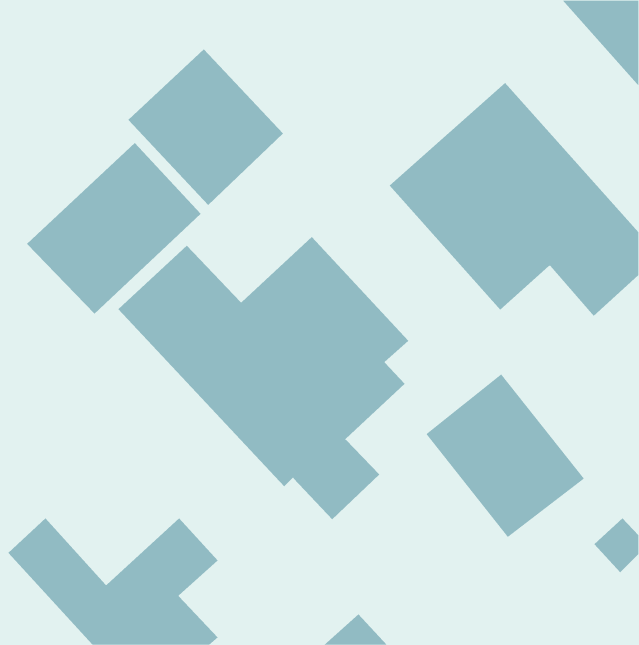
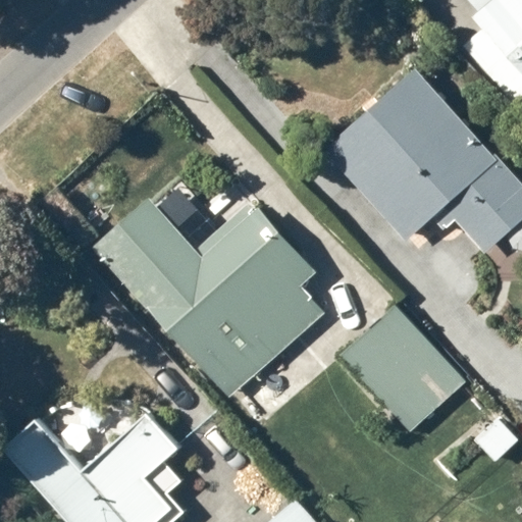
building: [127,49,284,206] -> none
building: [26,142,202,314] -> none

